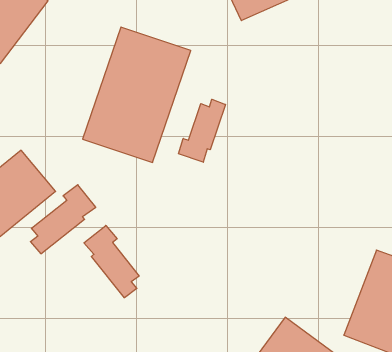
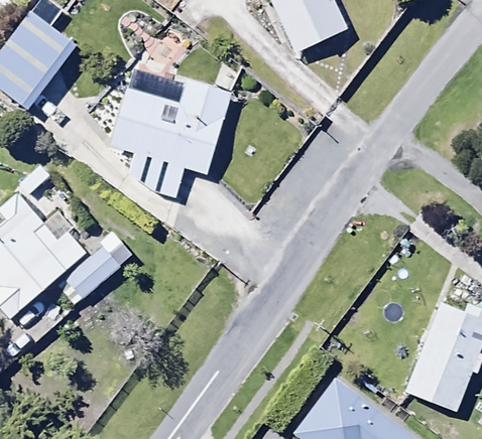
building: [179,99,225,162] -> none
building: [84,225,139,298] -> none

